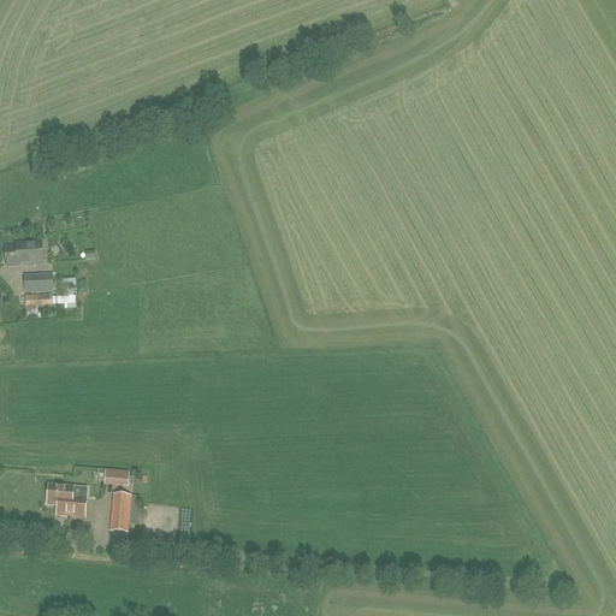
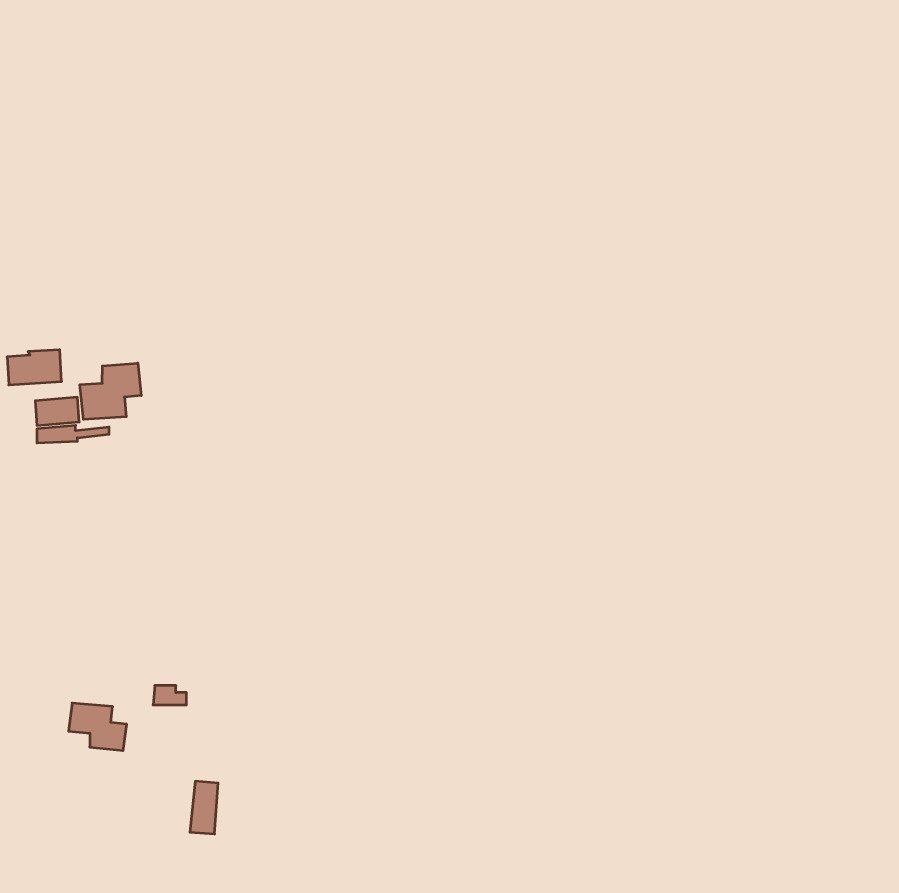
building: none -> [80,363,141,419]
building: [109,491,129,527] -> [190,781,218,834]

